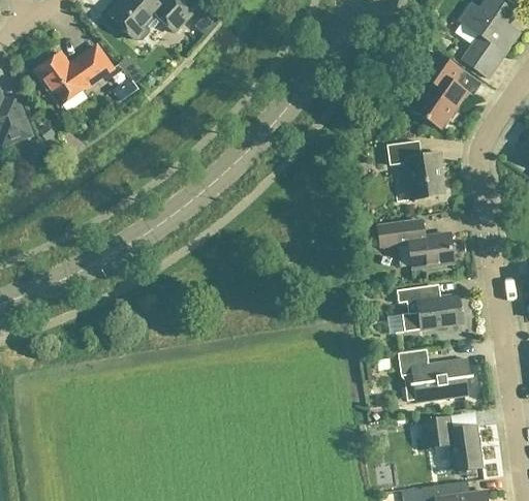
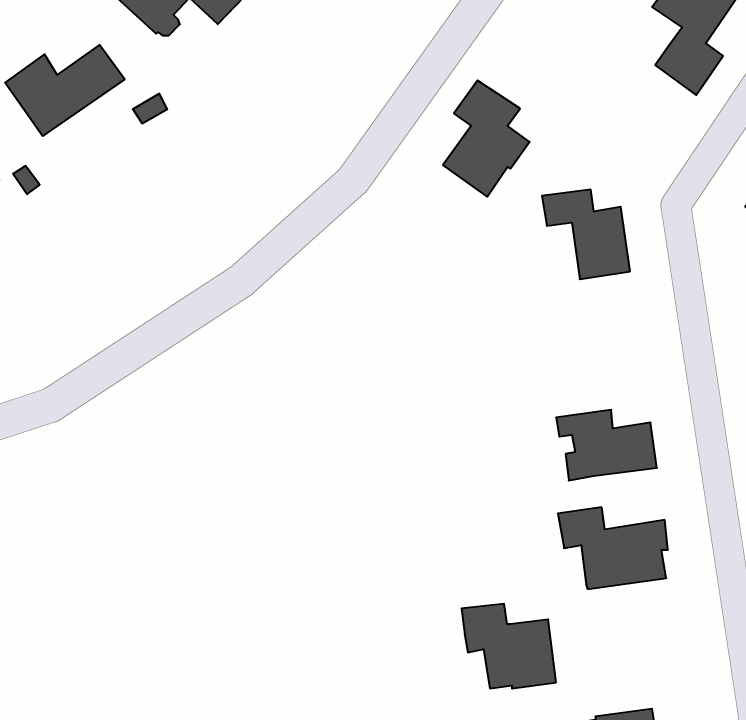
building: [412,51,469,127] -> [443,80,530,197]
building: [379,219,455,267] -> none
building: [421,414,483,470] -> [462,604,556,689]

